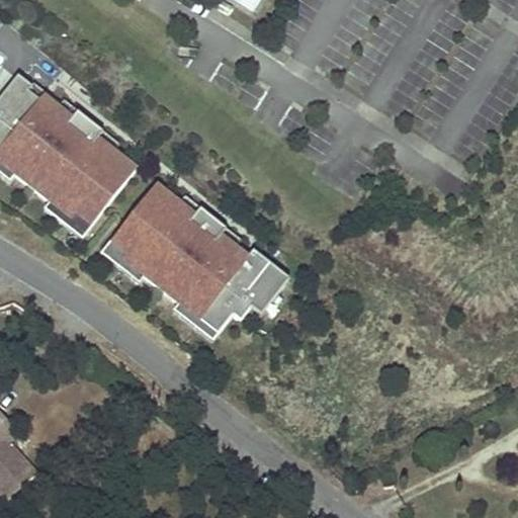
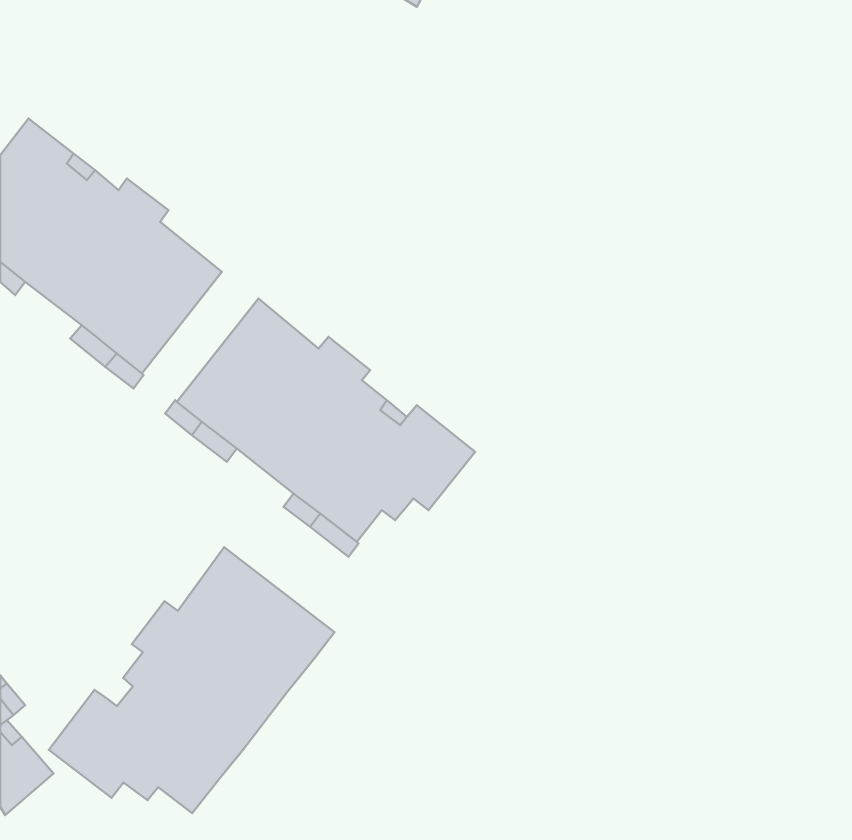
building: none -> [49,547,334,813]

